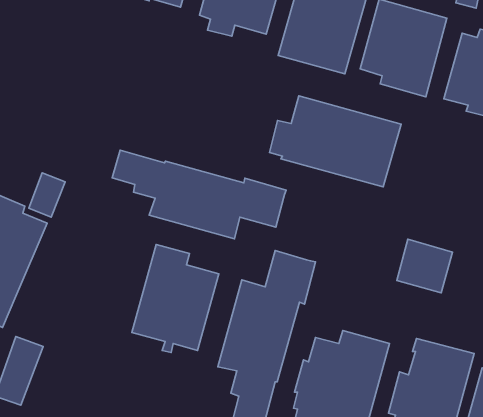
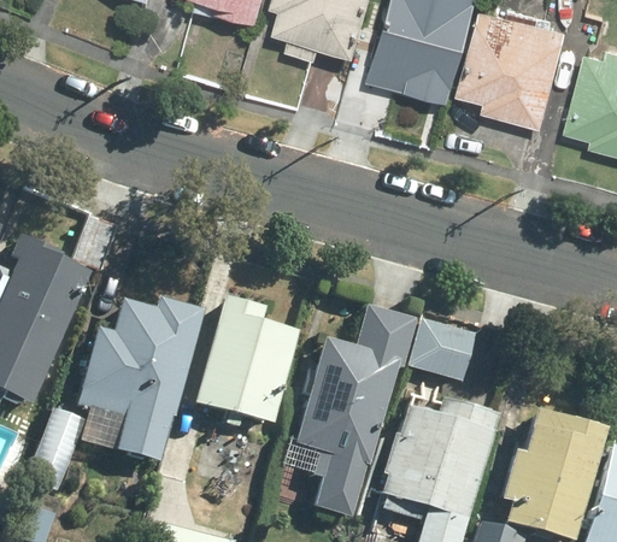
building: [269,96,401,187] -> none
building: [112,150,286,239] -> none
building: [397,239,452,293] -> [411,318,477,382]
building: none -> [72,300,199,464]

